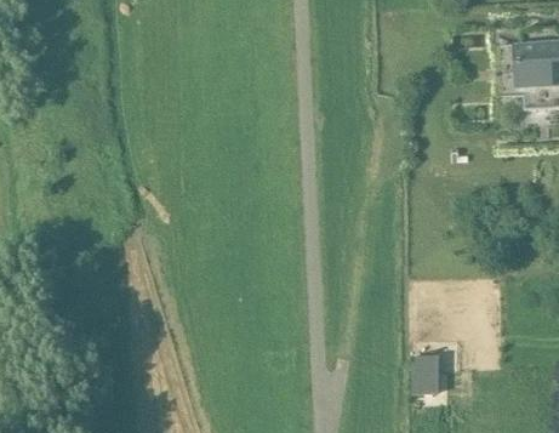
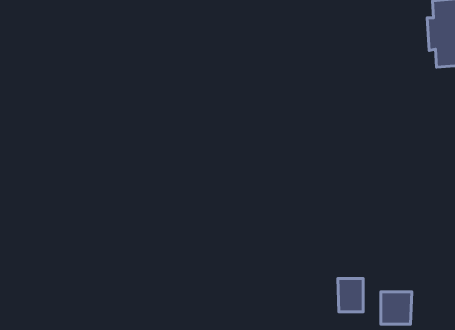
building: none -> [381,292,412,324]

